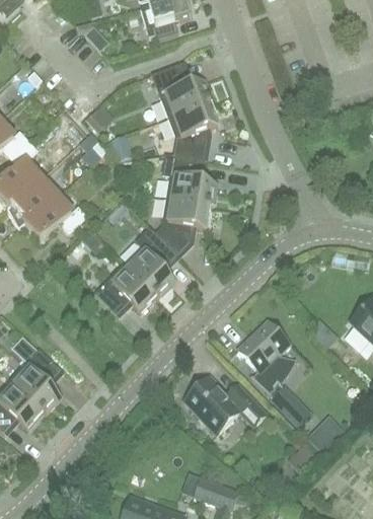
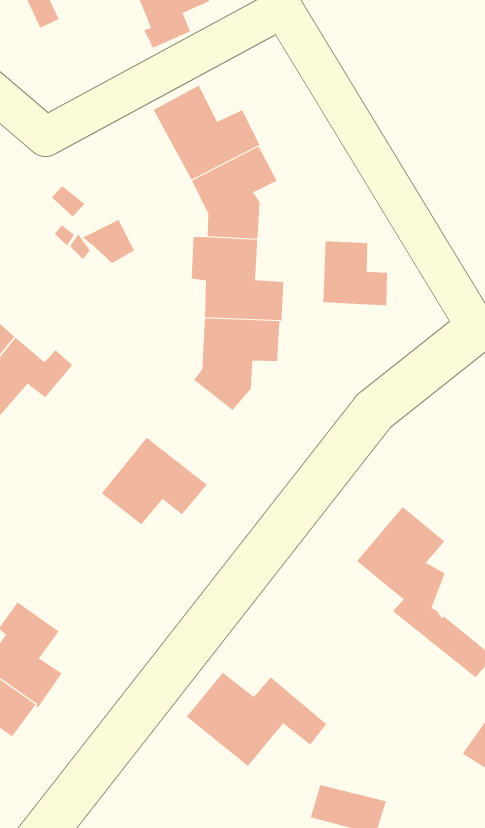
building: none -> [323,240,389,306]
building: [125,227,176,295] -> none
building: [184,376,266,433] -> [186,672,327,767]

